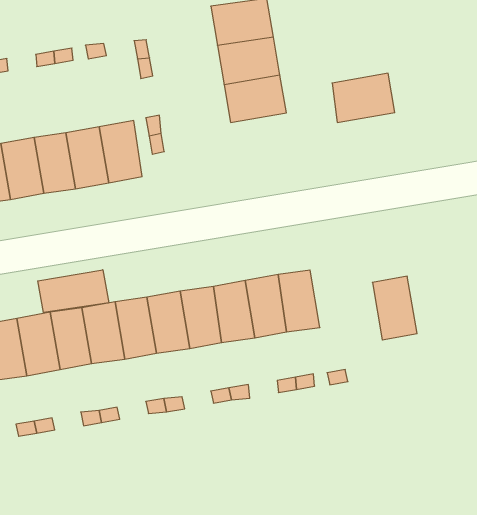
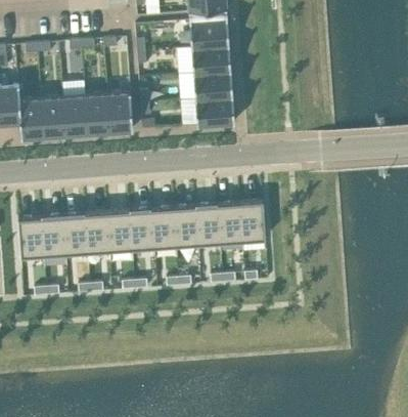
building: [332,73,395,122] -> [195,96,235,126]
building: [38,270,109,313] -> none
building: [372,276,417,340] -> [239,201,266,242]

